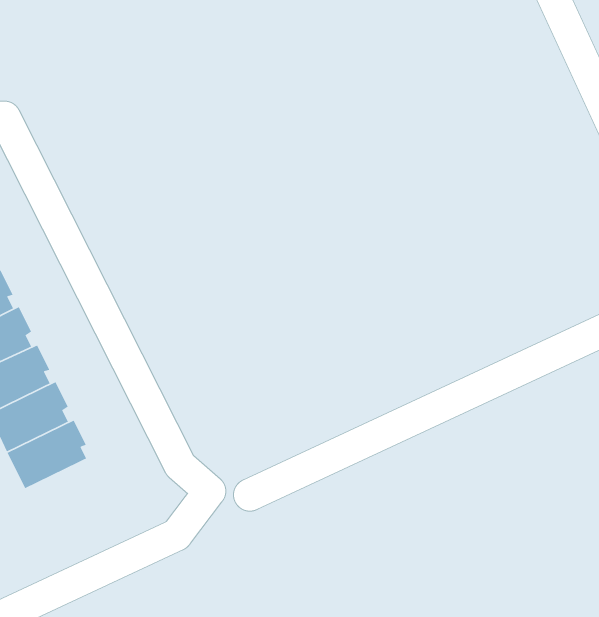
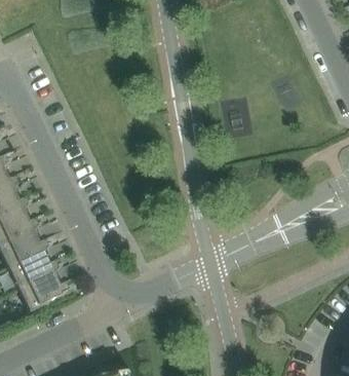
building: none -> [17,269,66,311]

